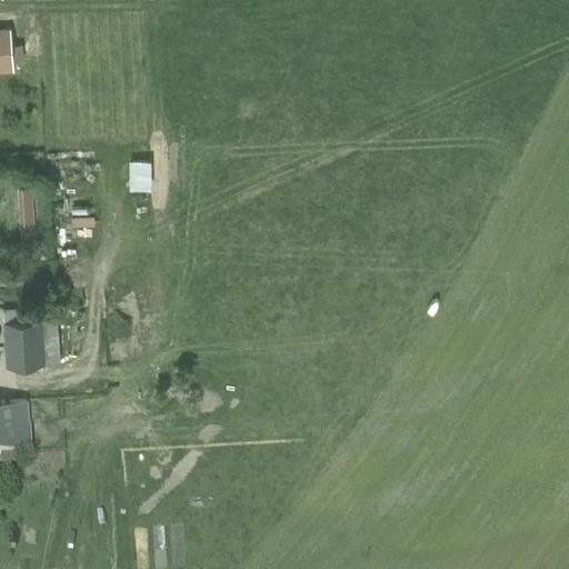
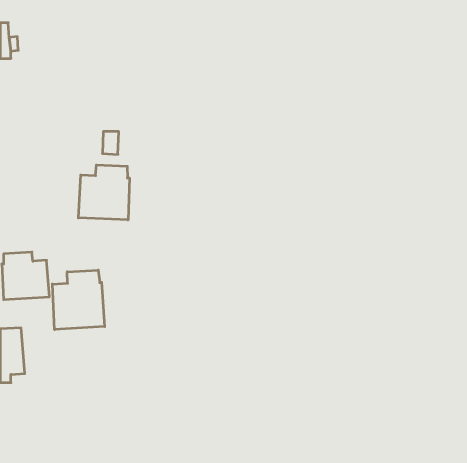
building: none -> [78,165,129,220]
building: none -> [52,270,105,330]

